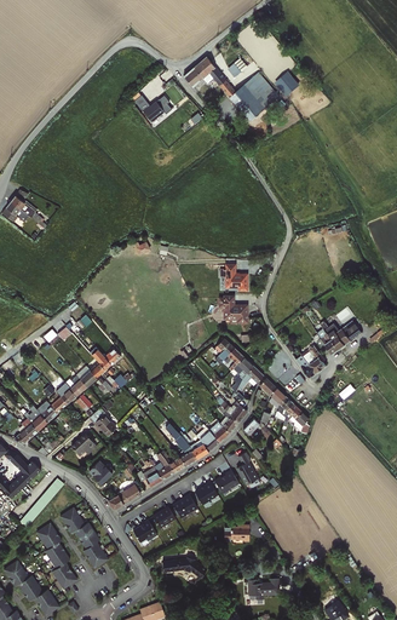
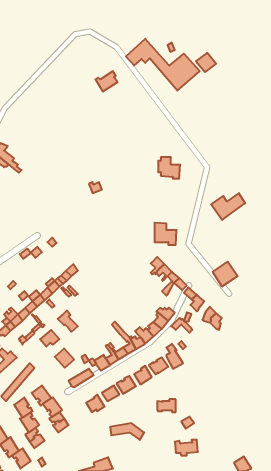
building: [220,262,249,289] -> [158,157,180,179]
building: [320,318,364,354] -> [211,193,245,220]

